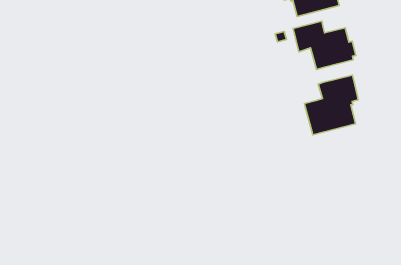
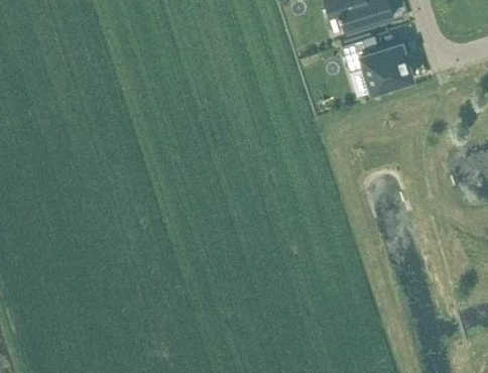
building: [305,75,358,135] -> none

